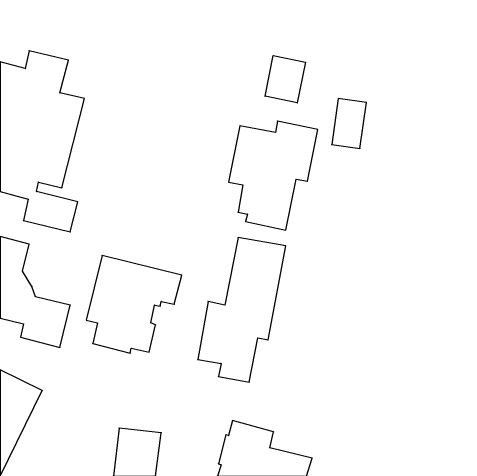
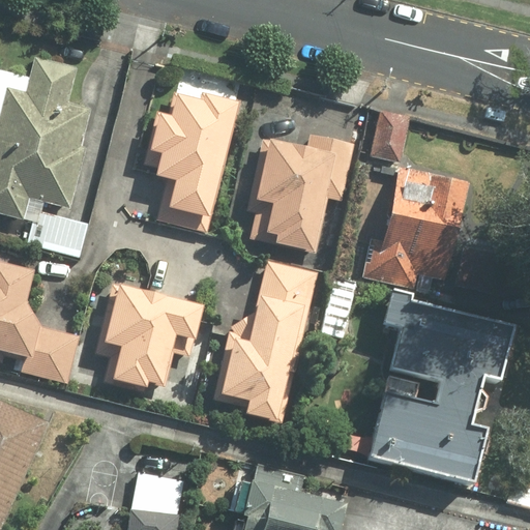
building: [265,56,305,103] -> none
building: none -> [144,100,237,230]
building: none -> [361,166,468,287]
building: none -> [367,290,509,483]

